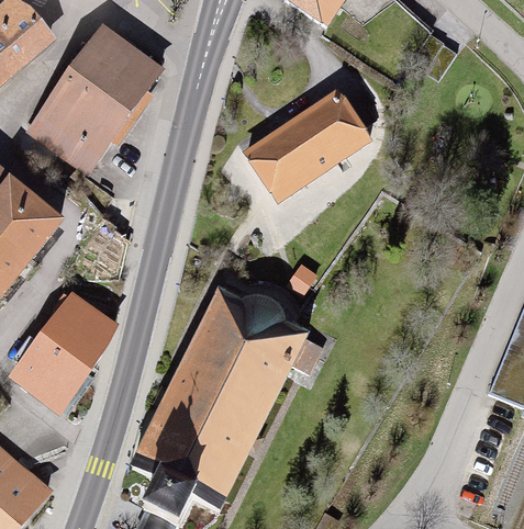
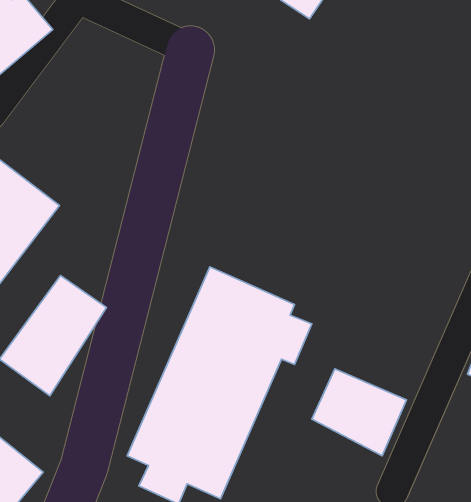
building: [29,30,159,173] -> none
building: [228,88,361,202] -> none
building: none -> [312,369,407,456]

